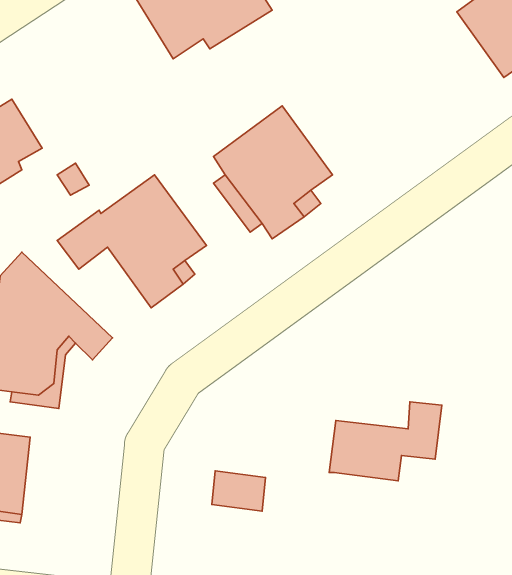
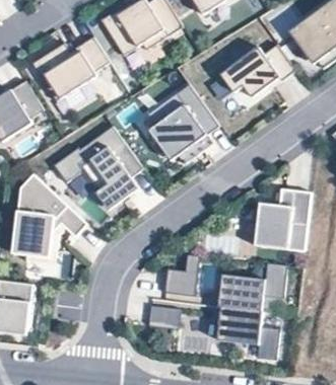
building: none -> [31,37,109,102]
building: none -> [222,50,297,102]
building: none -> [252,187,309,251]
building: none -> [161,253,197,296]
building: none -> [215,306,276,361]

